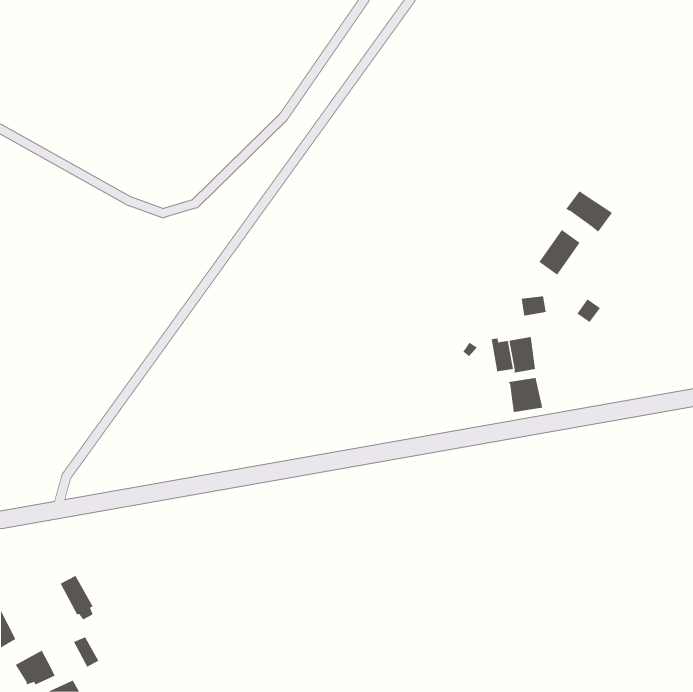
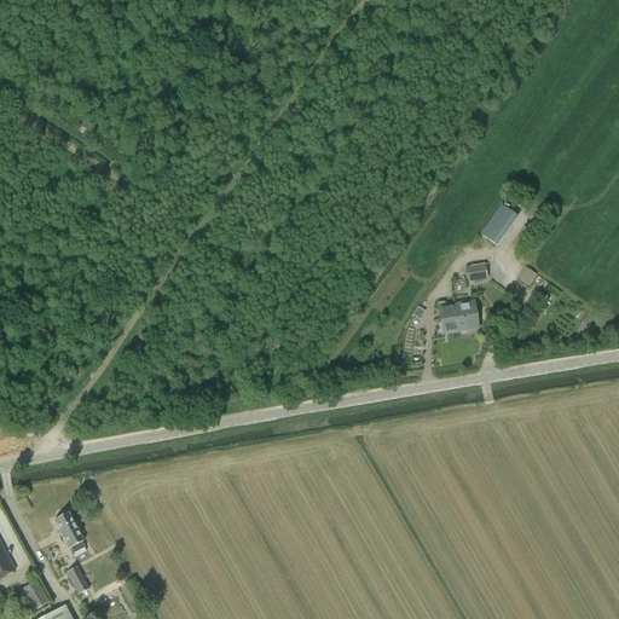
building: [566,190,613,232] -> none
building: [508,377,543,413] -> none

